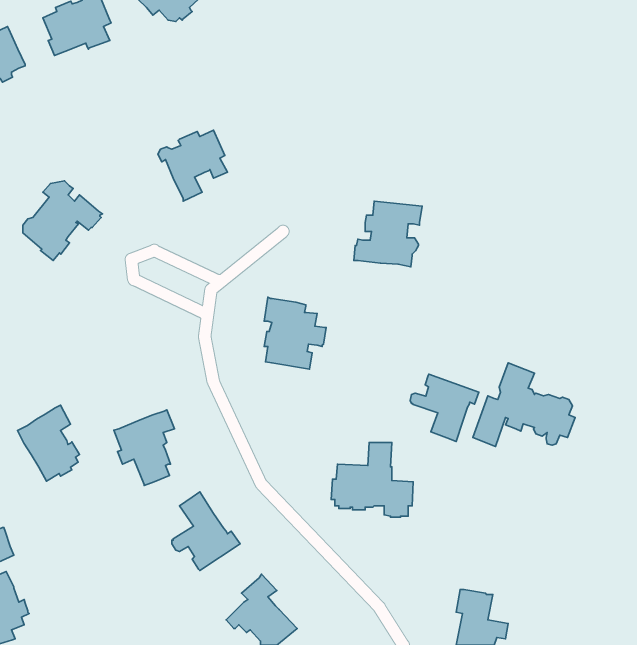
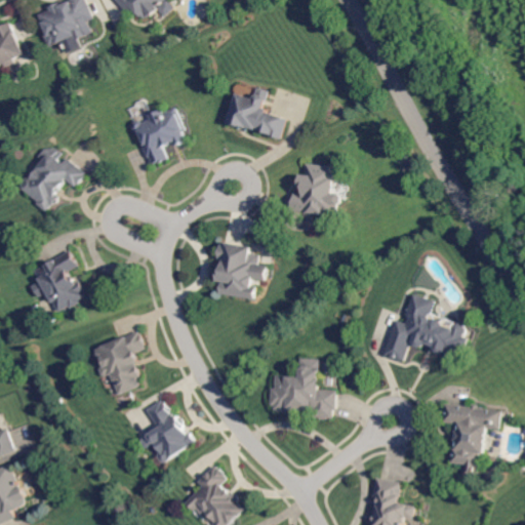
building: none -> [225,87,285,138]
building: [410,374,479,441] -> none
building: [17,405,79,481] -> [32,250,82,312]
building: none -> [440,403,498,476]

